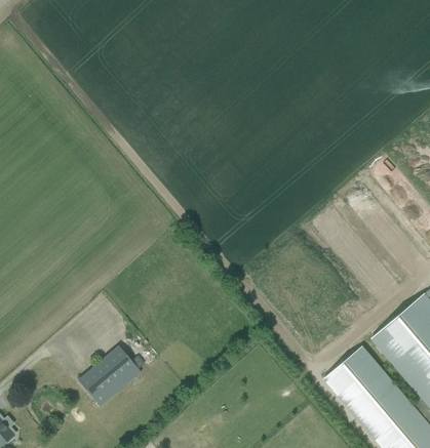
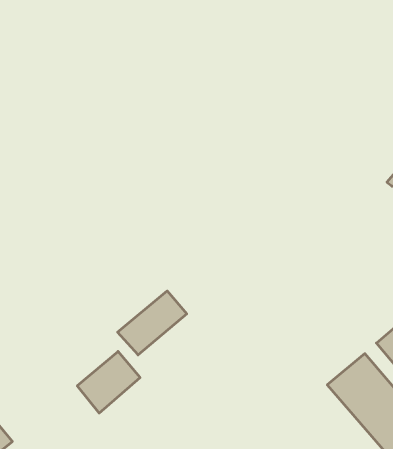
building: none -> [118,291,187,355]

